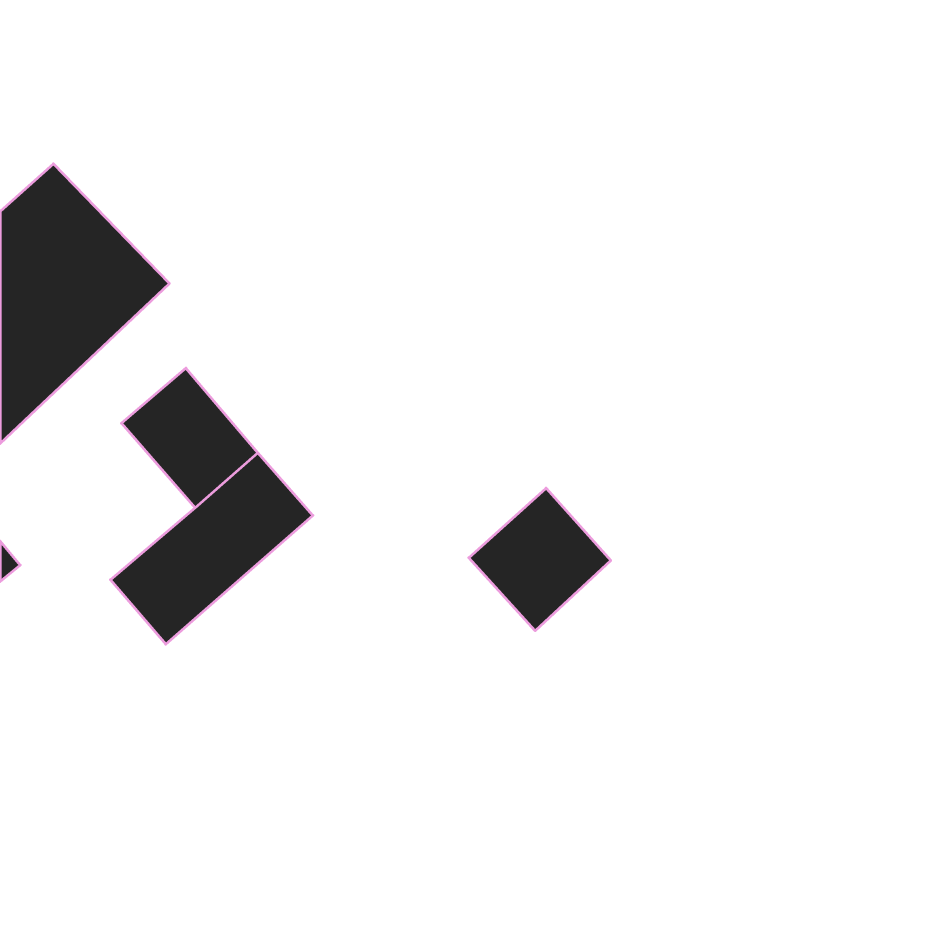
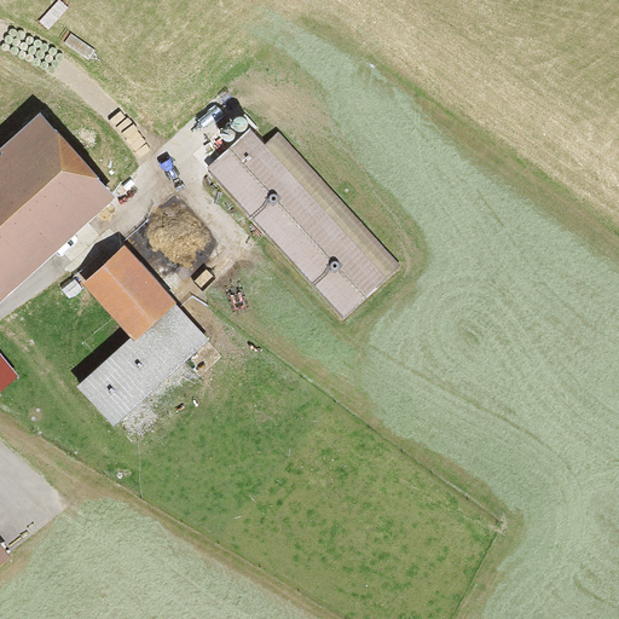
building: none -> [209,131,397,319]
building: [469,488,611,631] -> none

